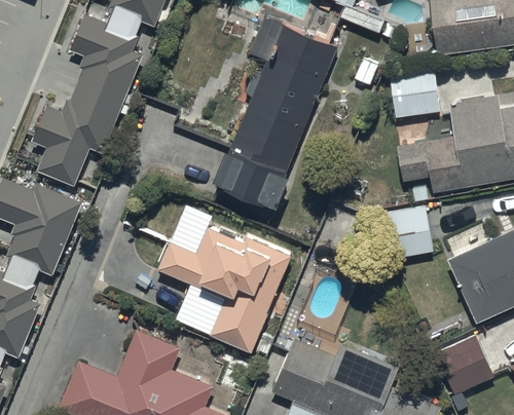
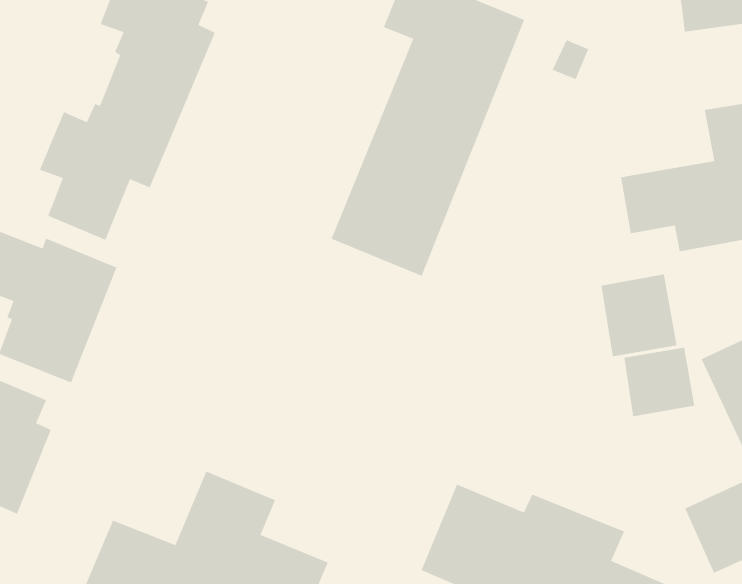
building: [390,69,440,118] -> none
building: [157,227,292,353] -> none
building: none -> [624,347,695,417]

